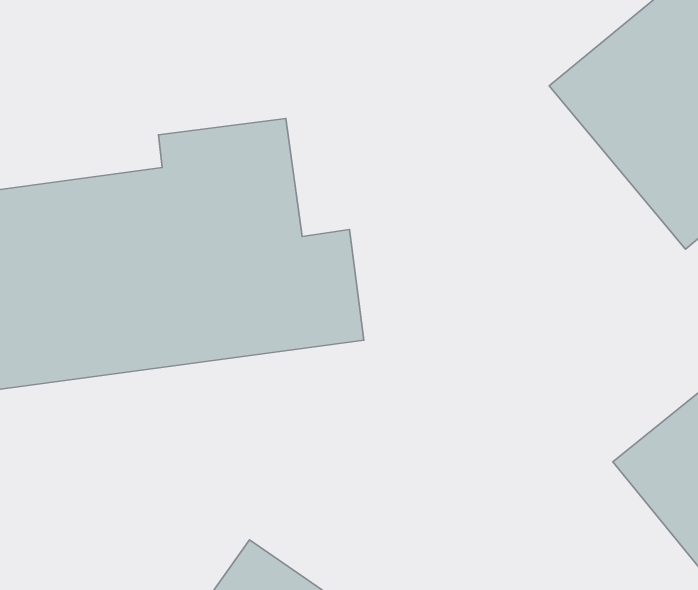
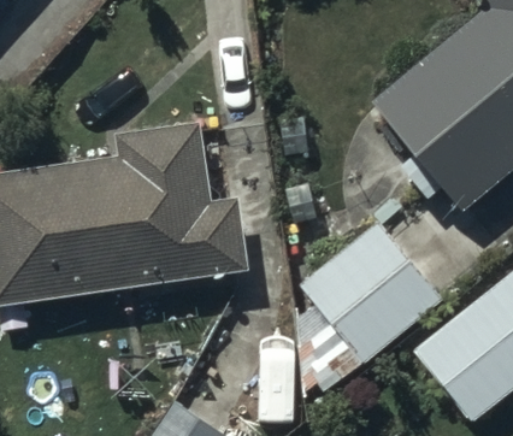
building: none -> [296,222,441,393]

